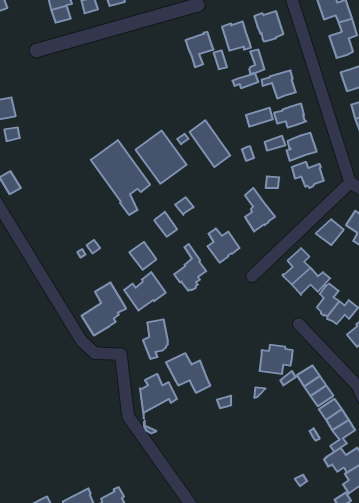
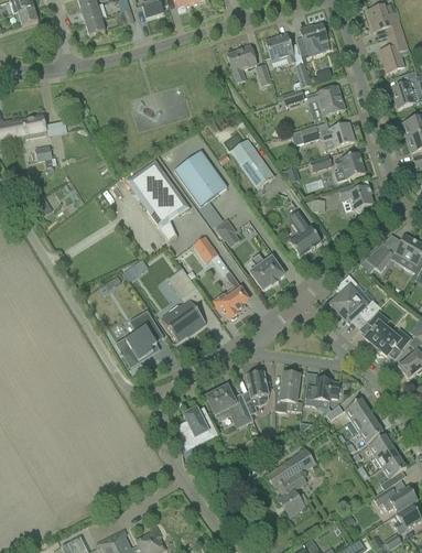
building: [143,319,168,359] -> [241,370,268,412]
building: none -> [274,371,299,410]
building: none -> [267,447,314,516]

